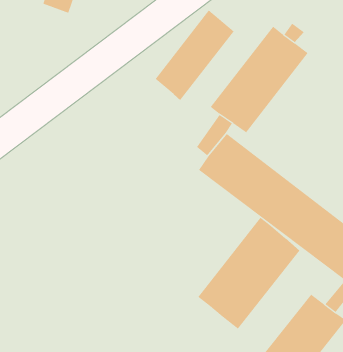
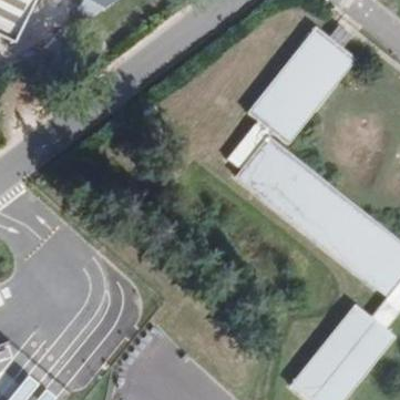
building: [155,10,234,101] -> none
building: [197,217,300,329] -> none

